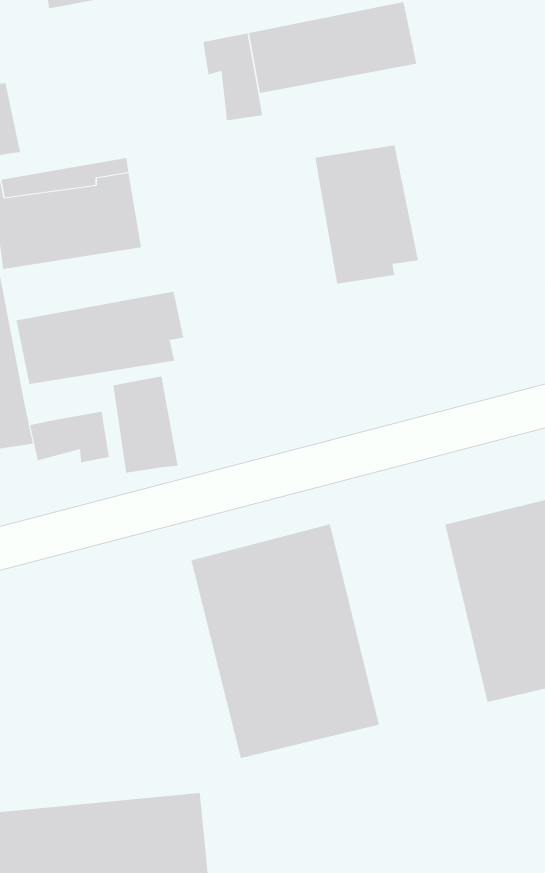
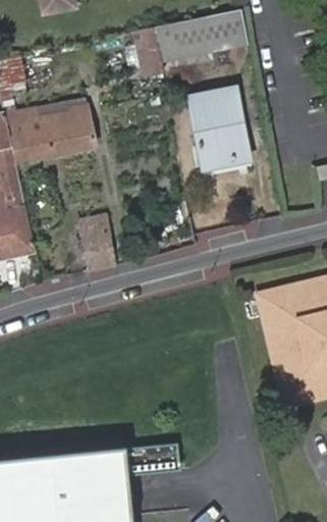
building: [16,291,184,385] -> none
building: [30,411,110,463] -> none
building: [191,524,379,759] -> none

